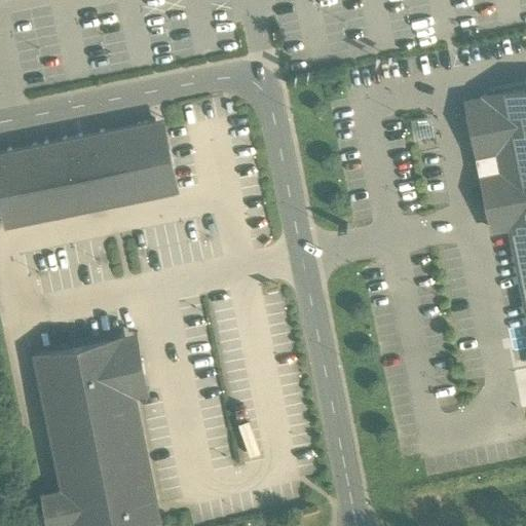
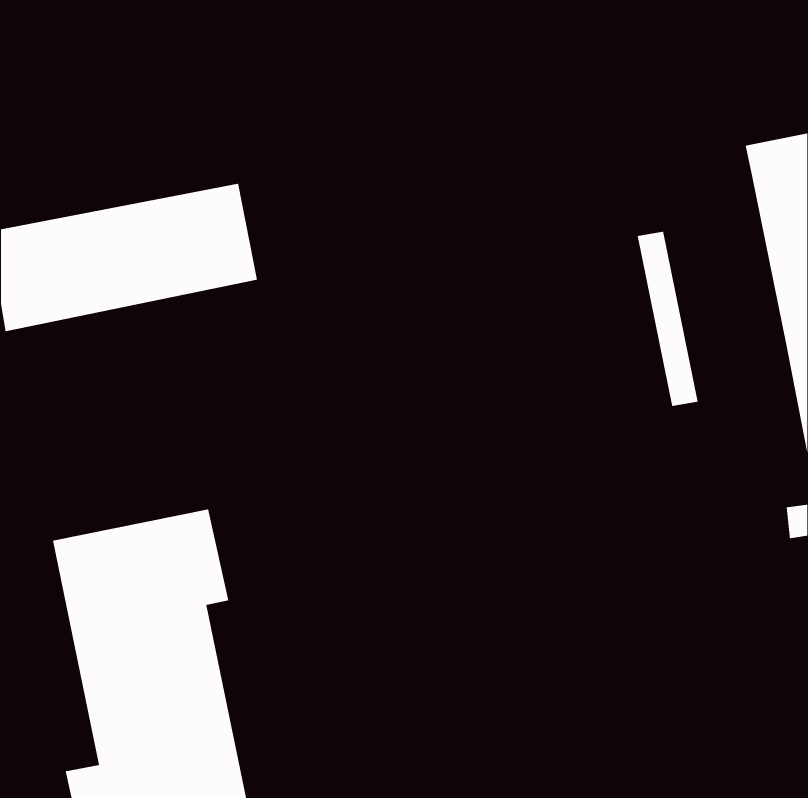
building: [471,120,511,234] -> [637,231,699,407]

